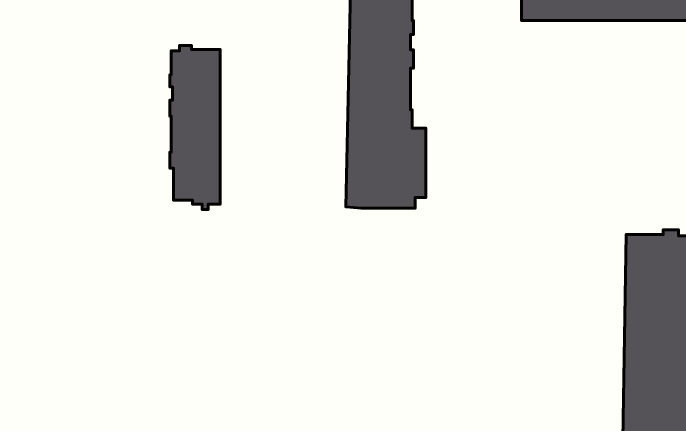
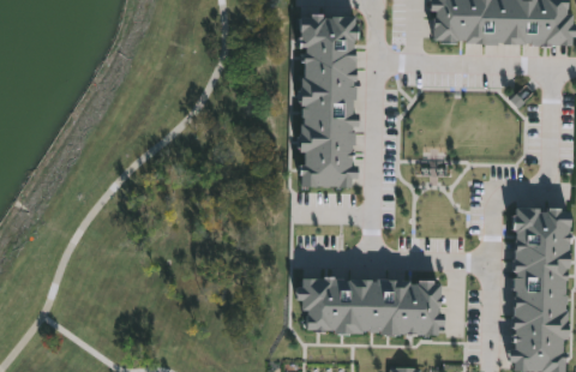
building: [170,45,220,209] -> none
building: none -> [299,276,446,330]

